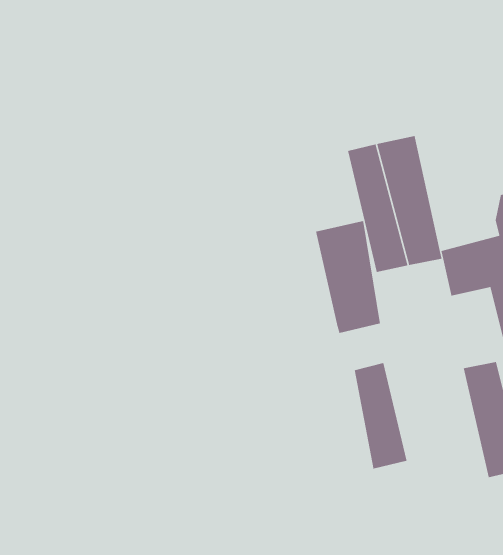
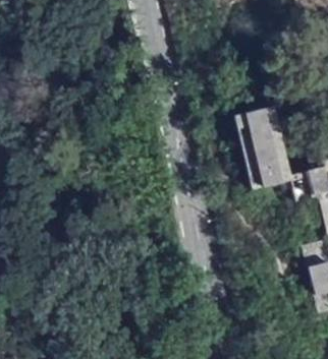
building: [315,220,381,334] -> none
building: [354,362,407,469] -> none

